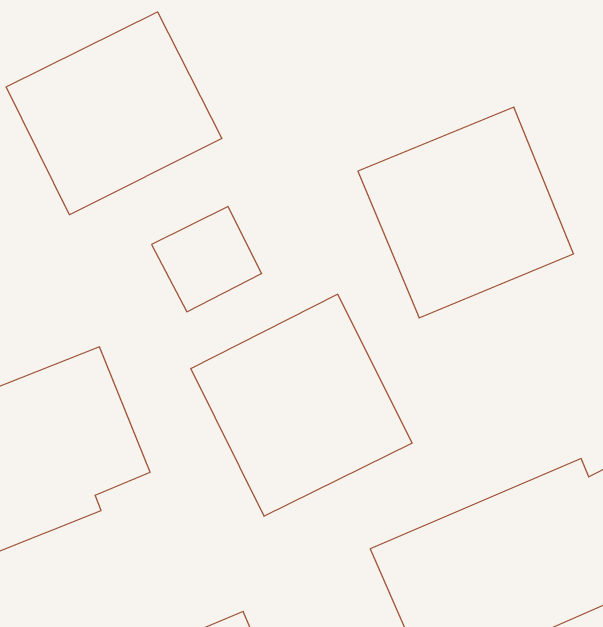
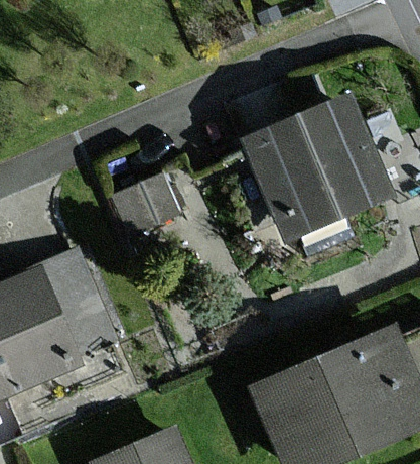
building: [6,12,222,215] -> none
building: [191,294,412,516] -> none

